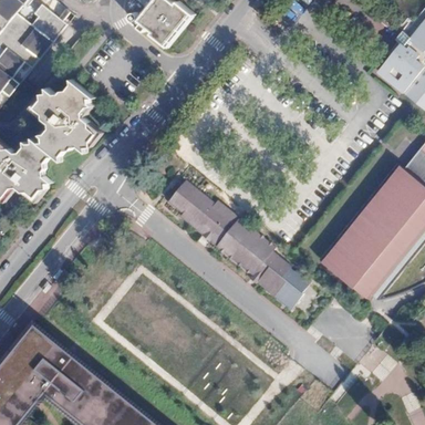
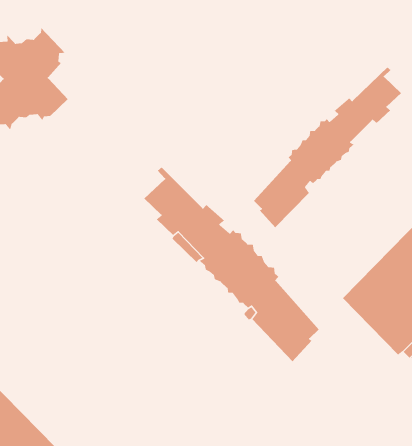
building: none -> [253,66,402,228]

